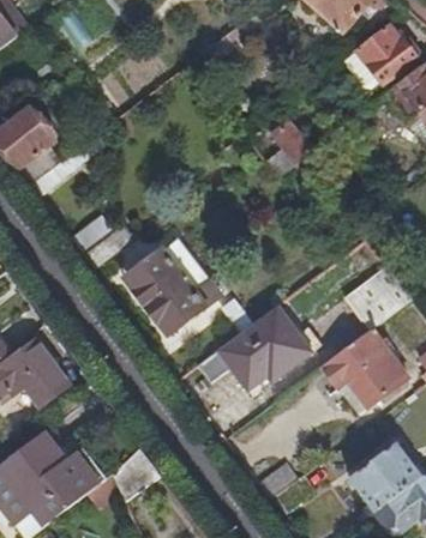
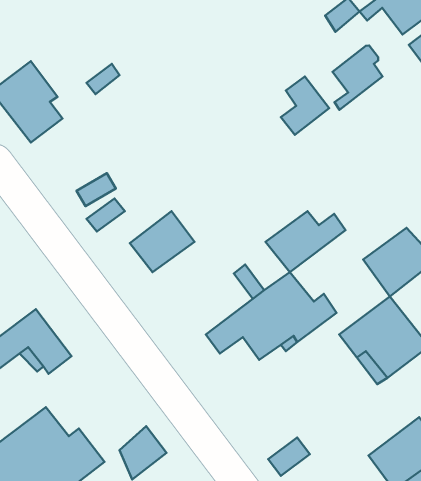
building: none -> [333,46,382,110]
building: [145,277,221,334] -> [266,211,346,272]

